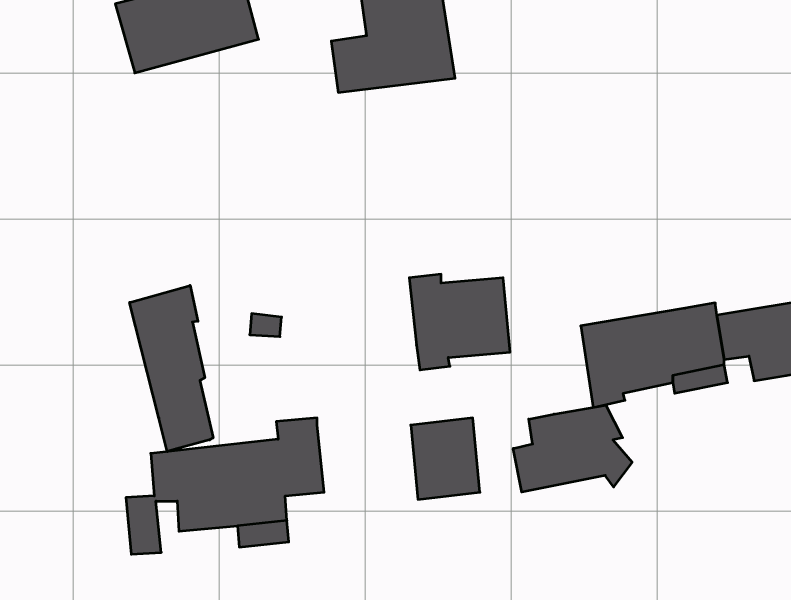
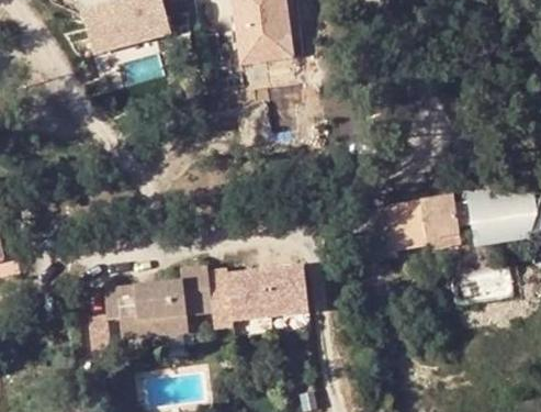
building: [409,274,510,370] -> [207,268,270,327]
building: [130,285,213,452] -> none
building: [513,405,632,492] -> none

